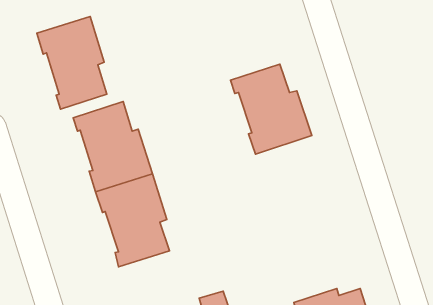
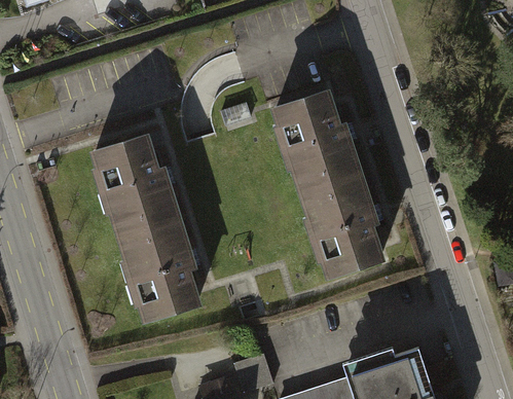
building: [37,16,107,109] -> none
building: none -> [299,175,386,282]

